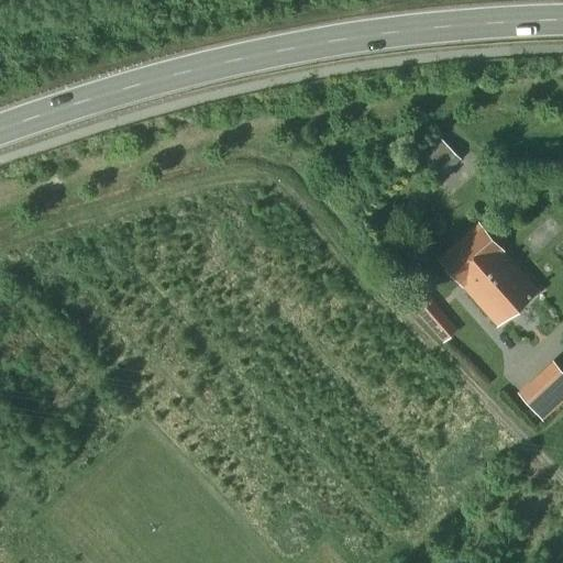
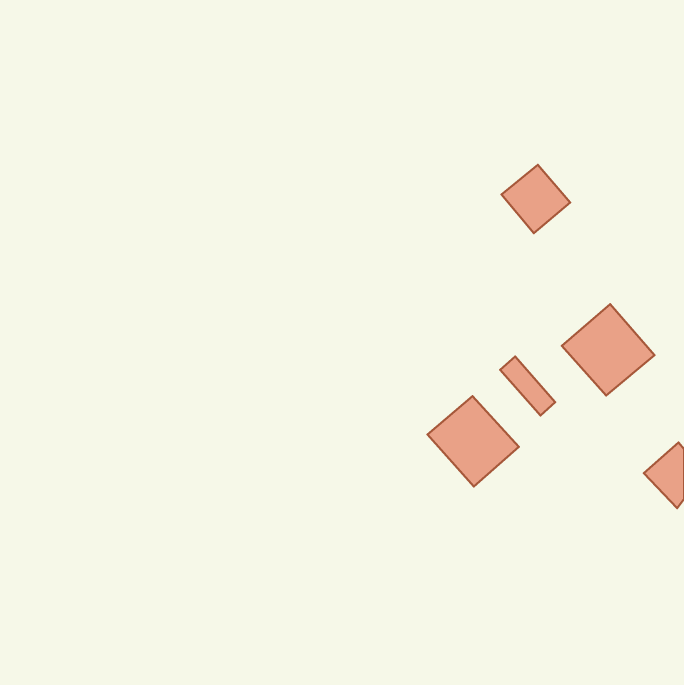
building: [440,227,500,284] -> none
building: none -> [427,396,519,487]

